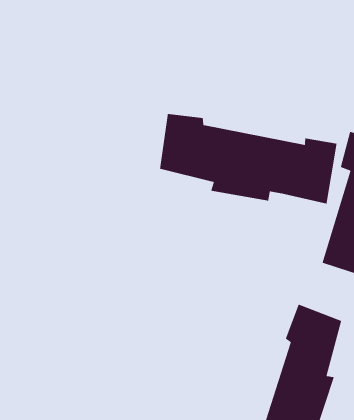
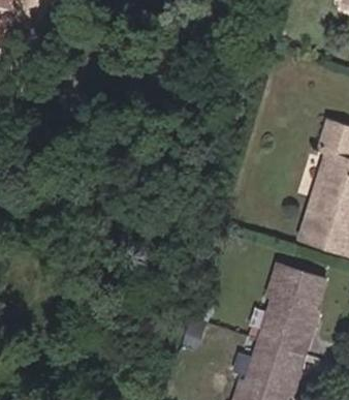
building: [159,113,338,205] -> none

